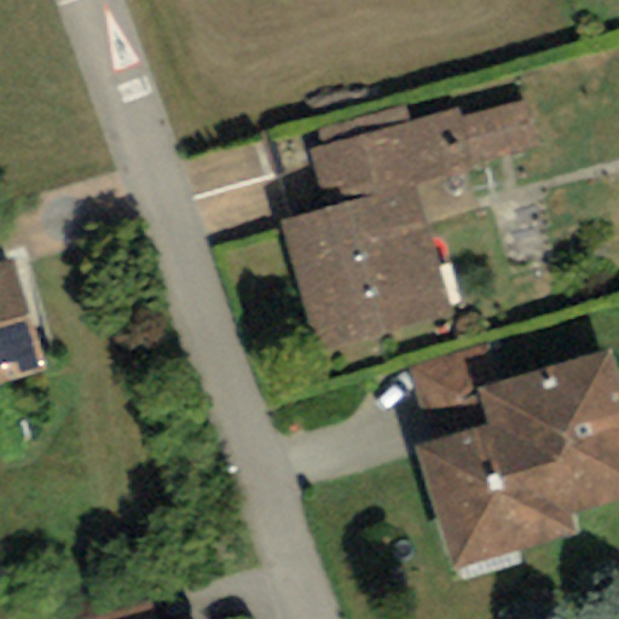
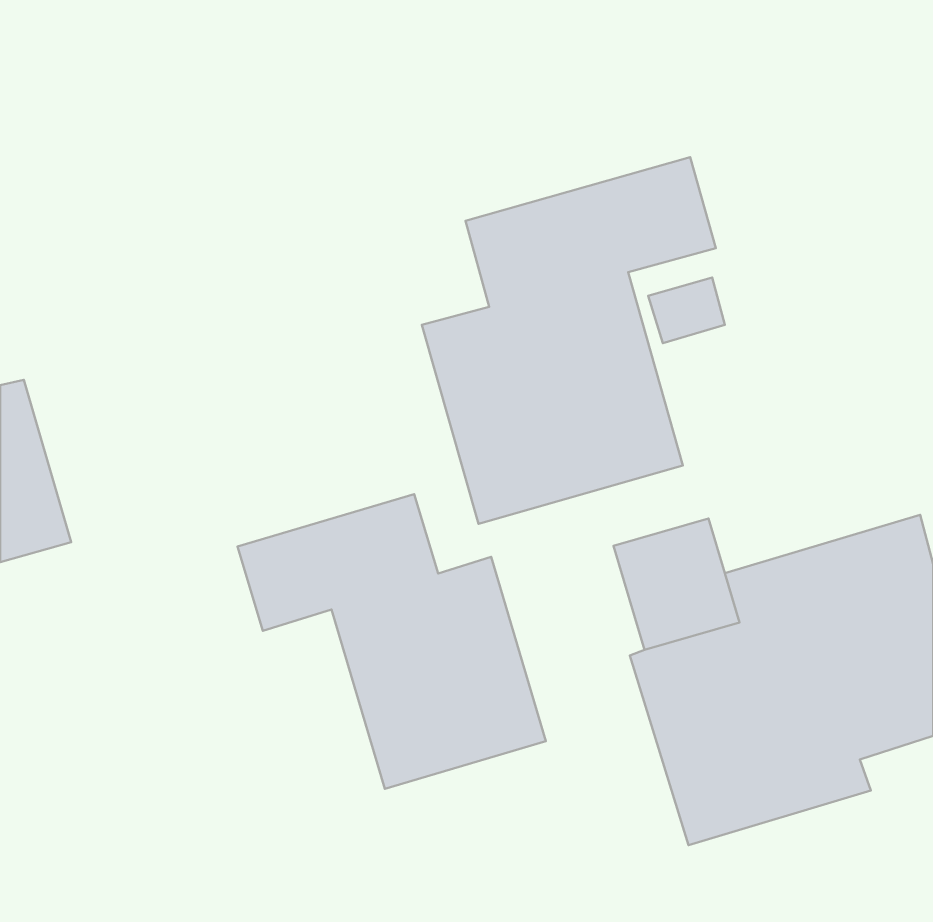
building: none -> [238,494,546,789]

